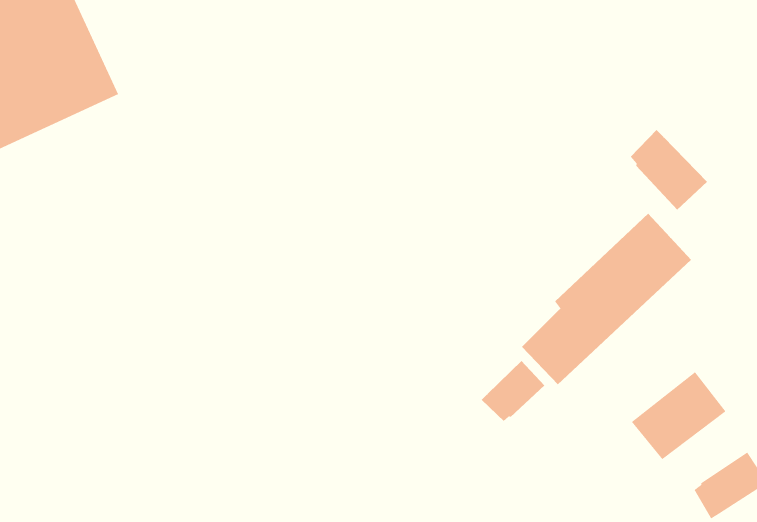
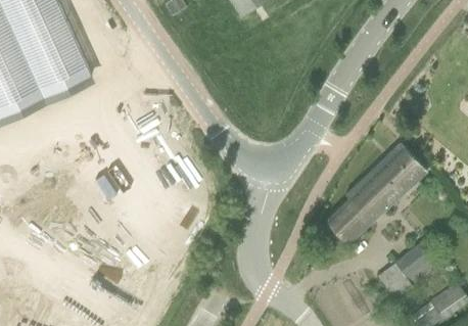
building: [630,129,708,210] -> none
building: [481,360,545,422] -> none

